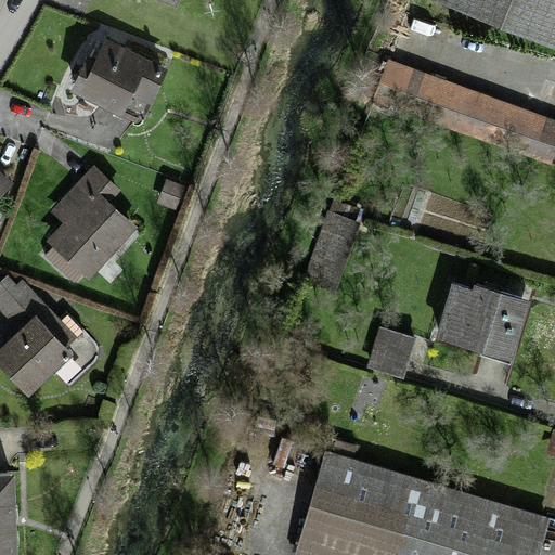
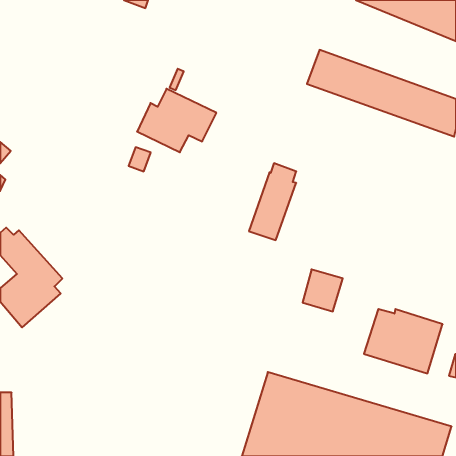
building: [70,41,167,118] -> [137,89,216,152]
building: [43,166,135,286] -> none
building: [435,285,530,363] -> [364,309,443,373]

